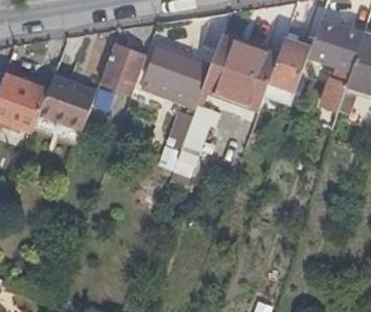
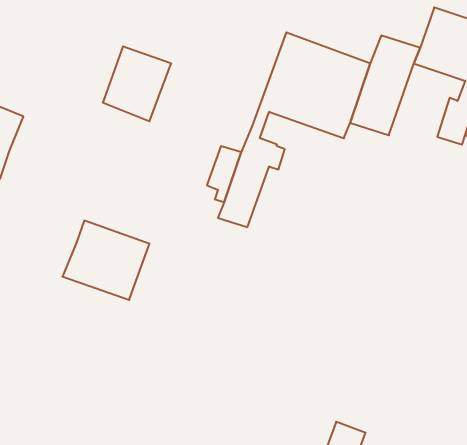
building: [140,46,210,105] -> none
building: [38,77,96,130] -> [62,221,150,300]

